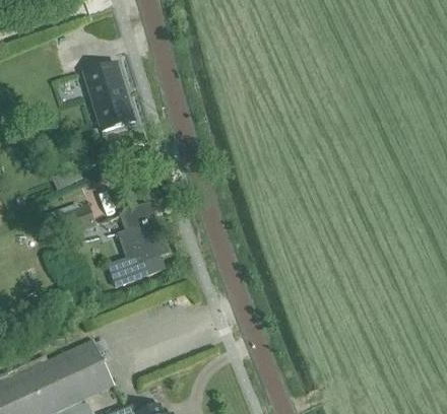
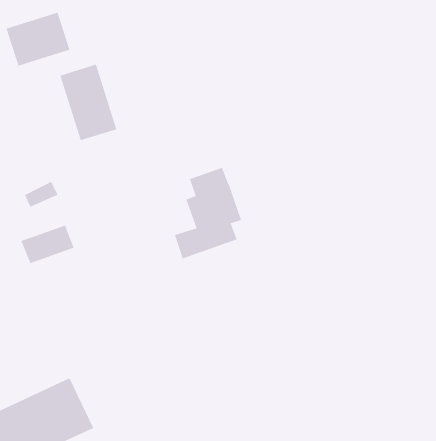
building: none -> [6,12,70,67]
building: [108,204,168,285] -> [174,167,242,259]

